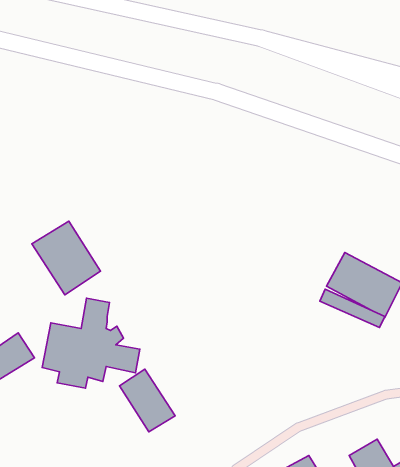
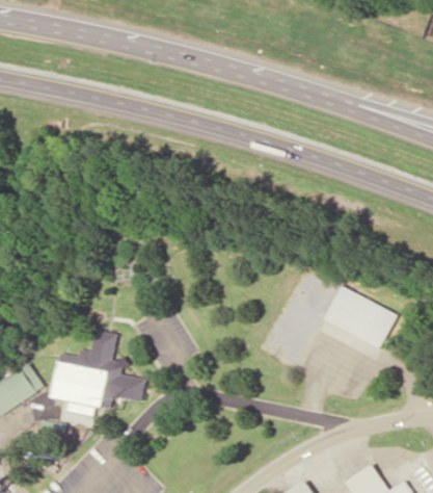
building: [32,221,101,295] -> none
building: [119,369,175,432] -> none

